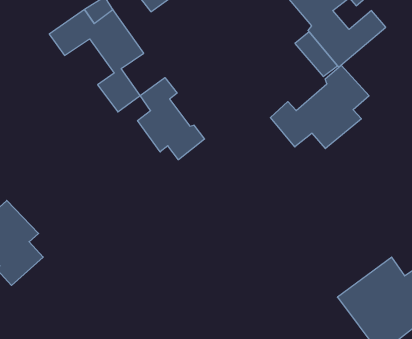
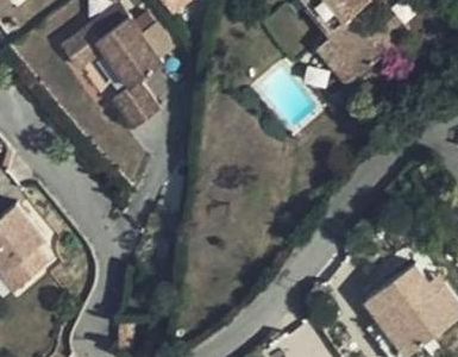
building: [270,65,369,149] -> none
building: [138,78,205,160] -> none

